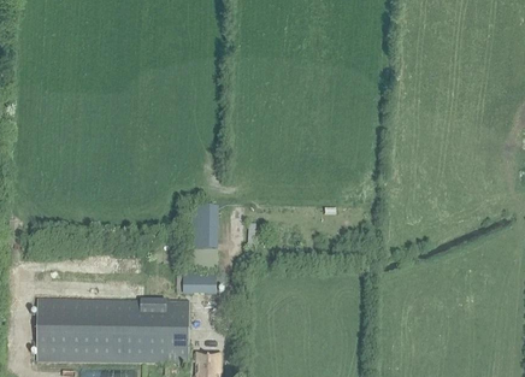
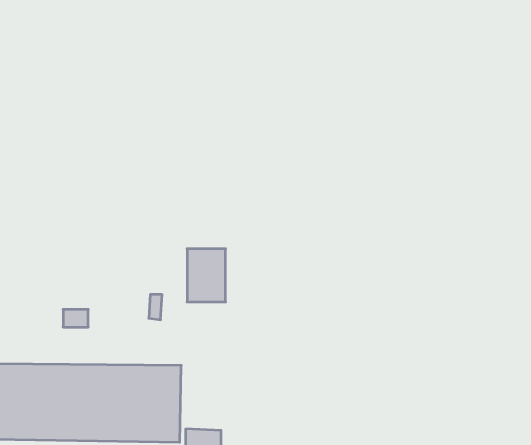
building: [182,272,216,293] -> none

